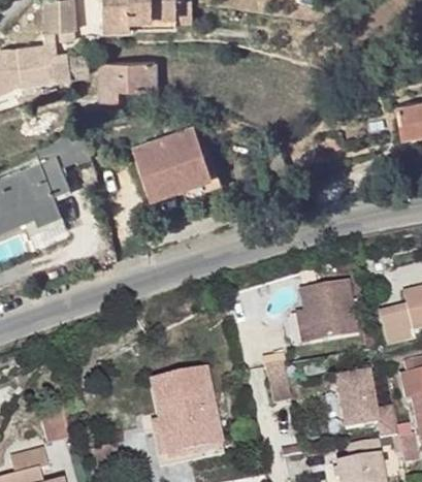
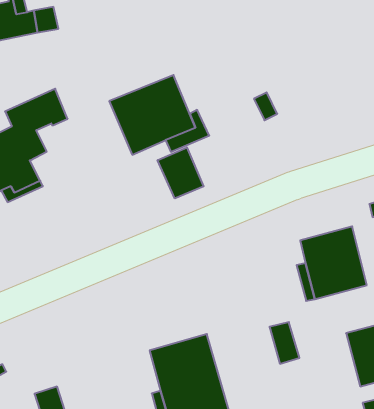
building: [99,61,157,98] -> none
building: none -> [158,147,204,198]

